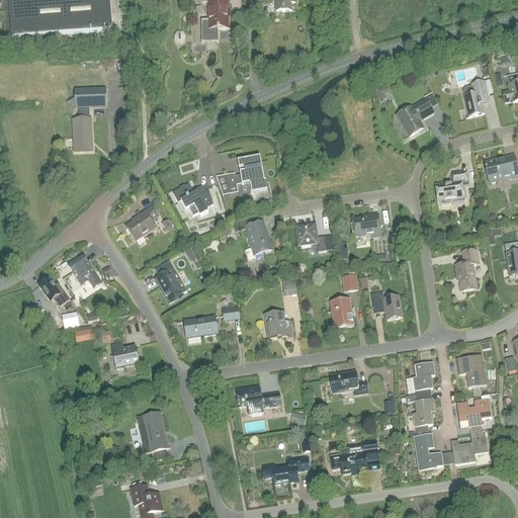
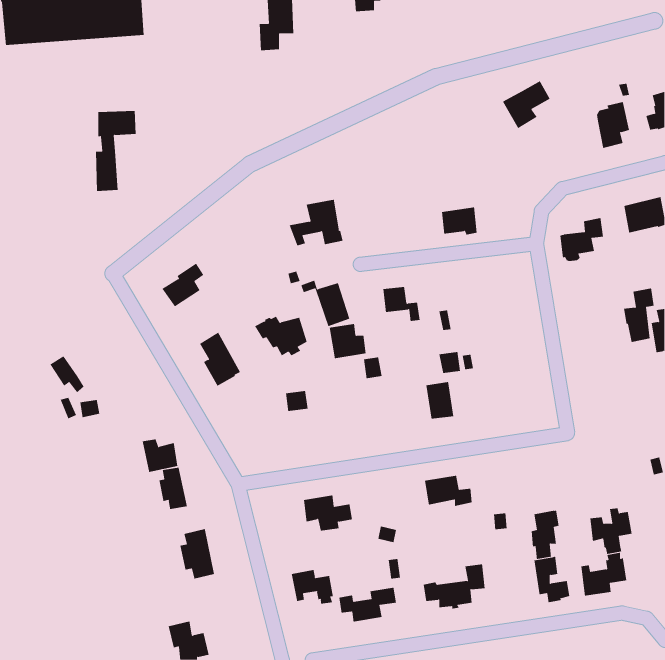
building: [397,97,434,135] -> [502,81,550,129]
building: [172,182,213,213] -> [254,316,308,356]
building: [353,213,381,236] -> [441,207,477,235]
building: [455,247,480,290] -> [623,288,655,344]
building: [68,254,100,286] -> none
building: [371,290,403,318] -> none
building: [263,310,292,337] -> [329,324,367,359]
building: [185,315,214,340] -> none
building: [456,353,486,386] -> none
building: [406,361,435,401] -> none
building: none -> [159,467,188,510]
building: none -> [291,569,333,605]

